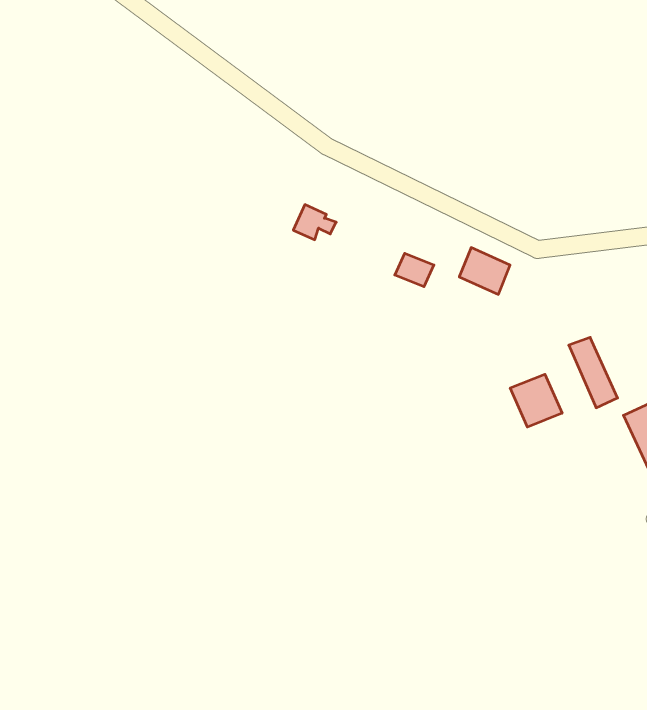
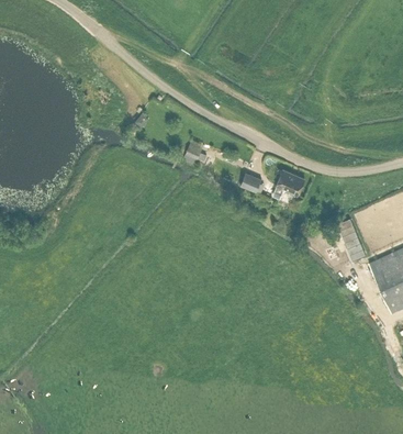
building: [510,374,562,427] -> none

